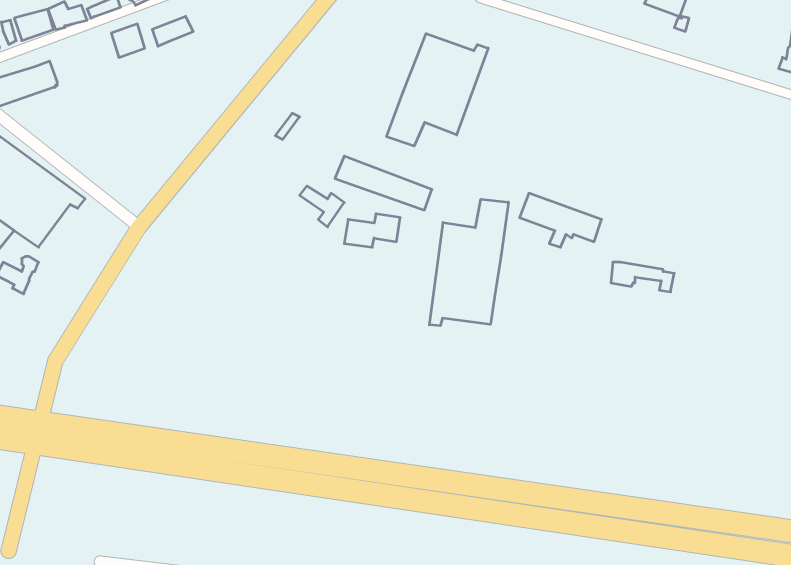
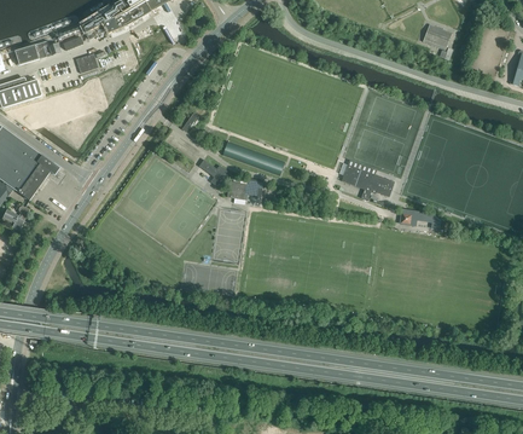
building: [387,34,488,146] -> none
building: [429,199,508,326] -> none

